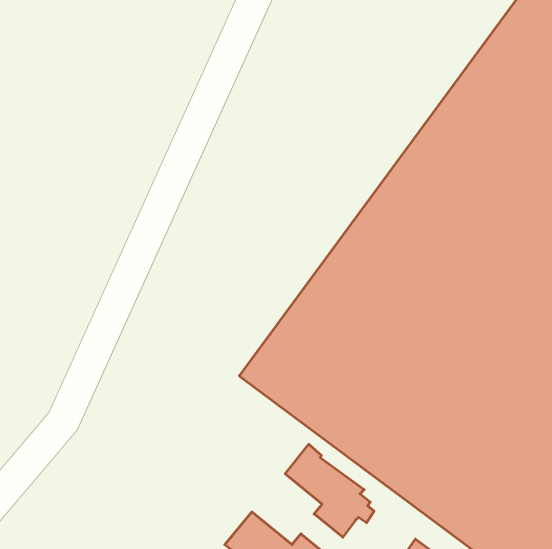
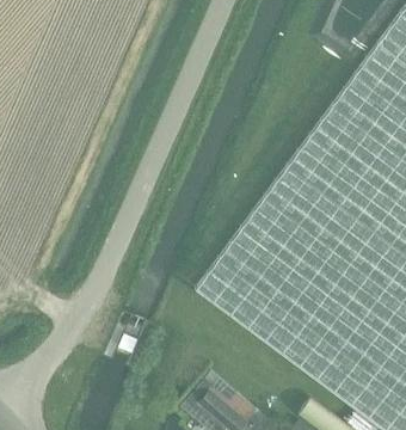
building: [285,444,374,537] -> none

